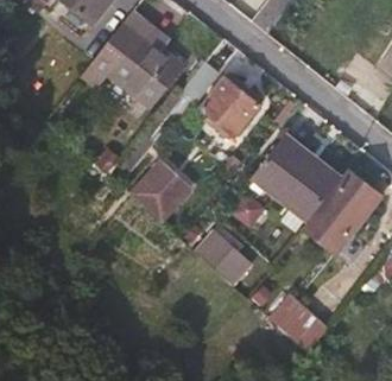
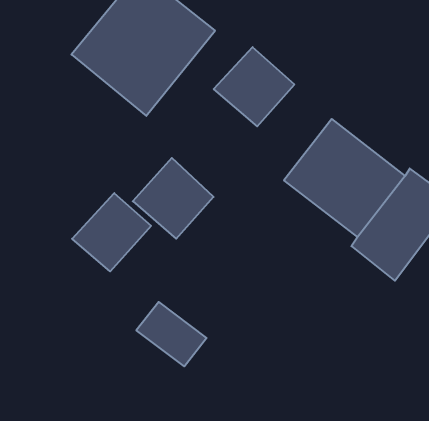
building: none -> [72,193,151,271]
building: [196,234,252,285] -> [136,302,207,366]
building: [272,298,327,350] -> none

